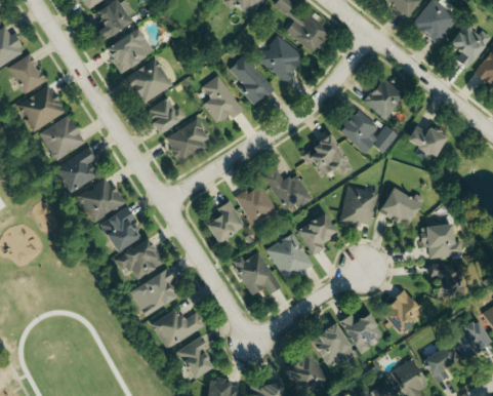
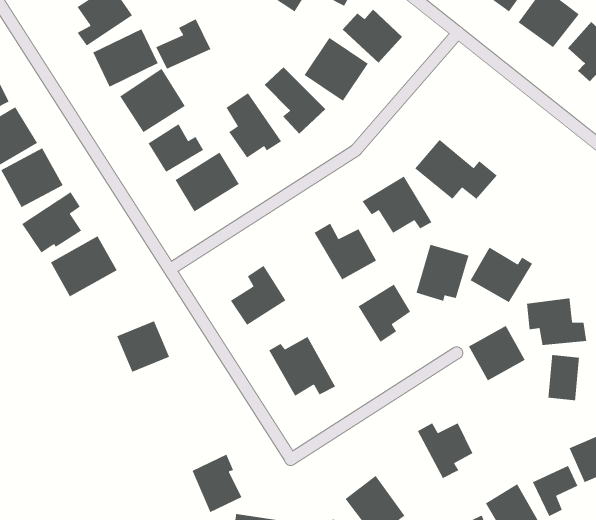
building: none -> [155,18,211,70]
building: [364,77,406,119] -> none
building: [407,125,446,158] -> none
building: [237,183,278,226] -> none
building: [99,208,142,252] -> none
building: [266,233,315,282] -> none
building: [130,268,175,317] -> none
building: [380,291,422,332] -> [468,325,526,382]
building: [153,310,204,348] -> none
building: [310,324,354,369] -> none

